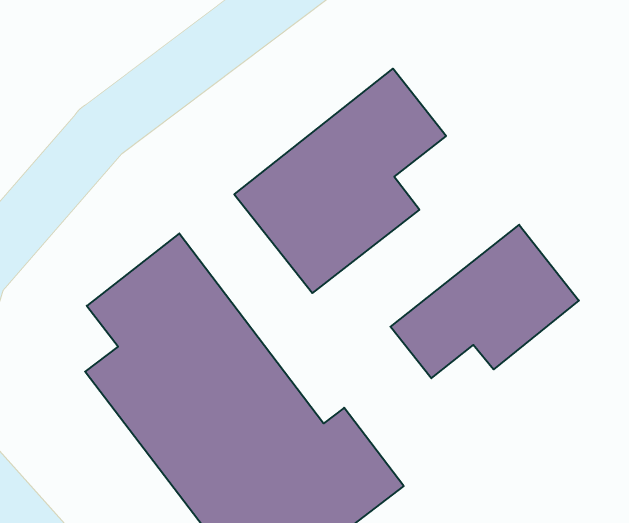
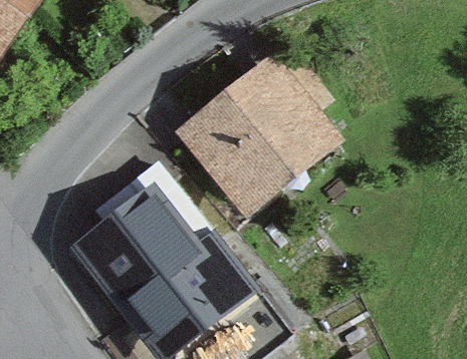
building: [390,225,579,378] -> none

